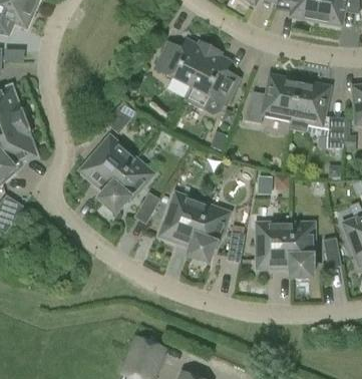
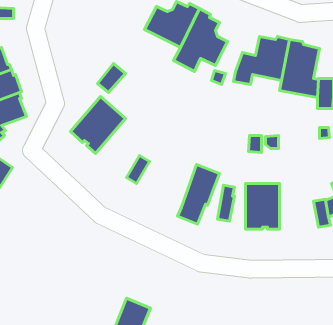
building: [99,156,153,213] -> none
building: [159,192,207,246] -> none
building: [290,222,314,277] -> none

